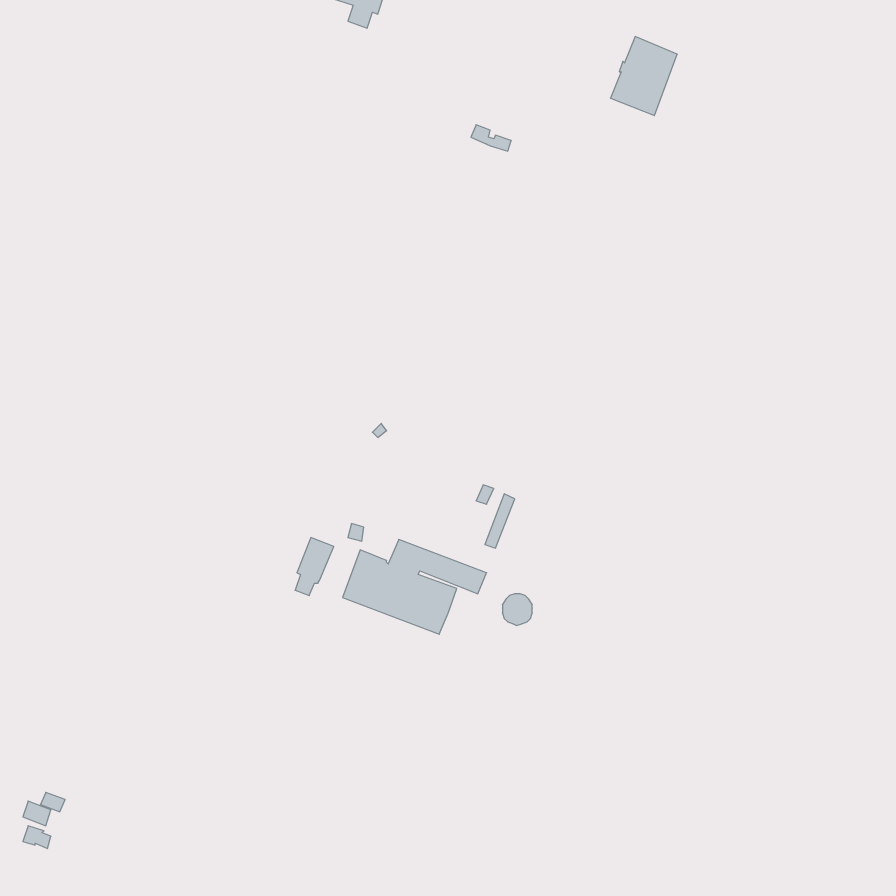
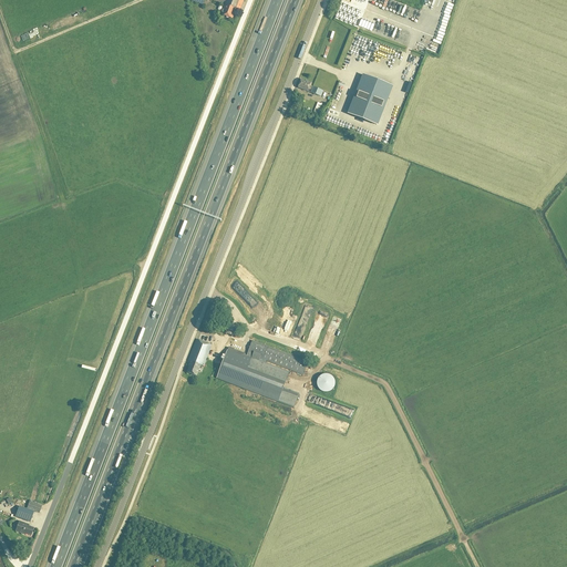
building: [610,37,677,116] -> [348,74,390,124]

